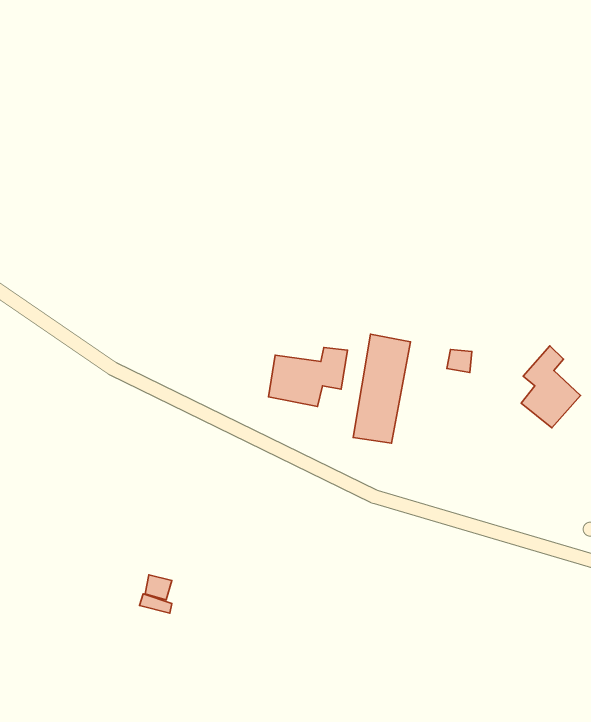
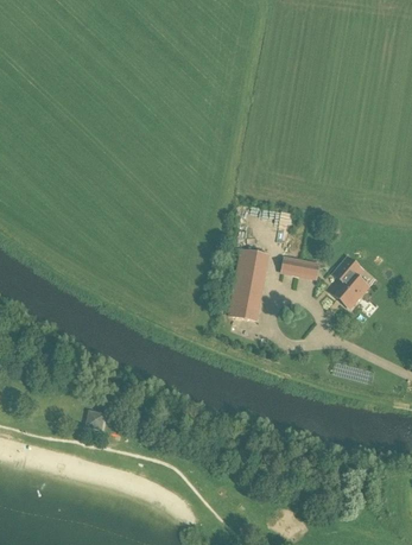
building: [269,347,348,406] -> none

